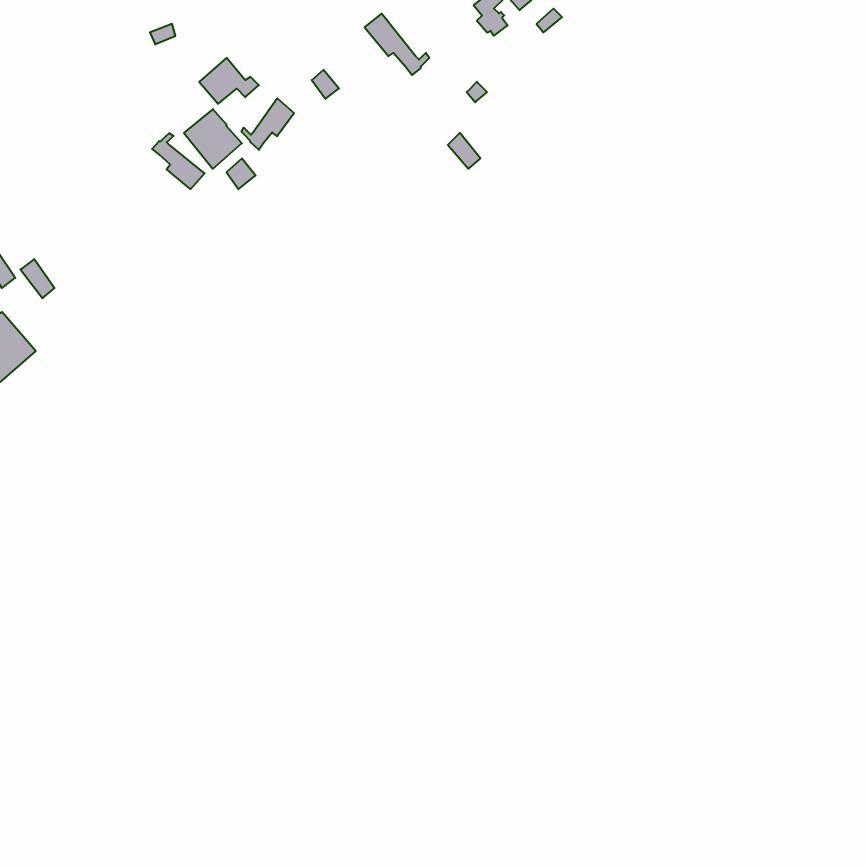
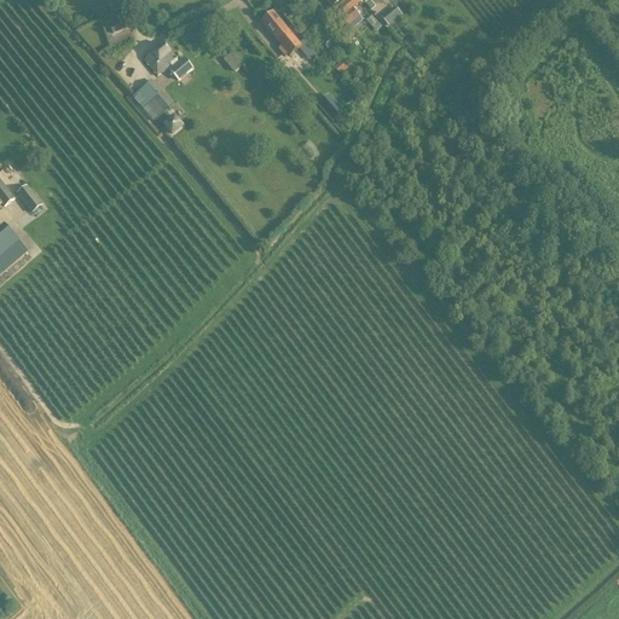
building: [241,98,294,150] -> none
building: [152,133,205,189] -> none

